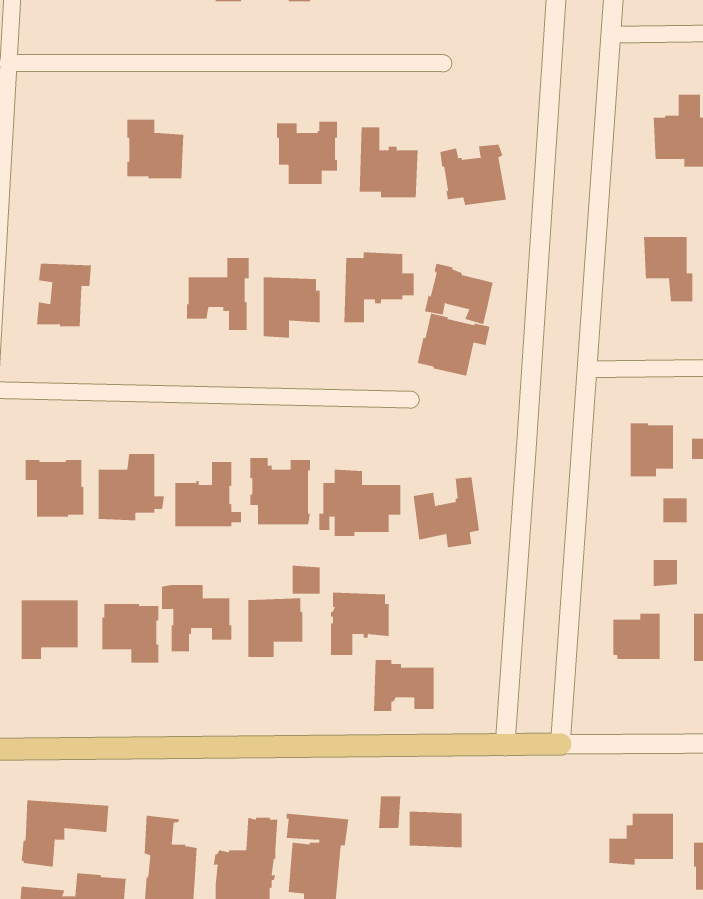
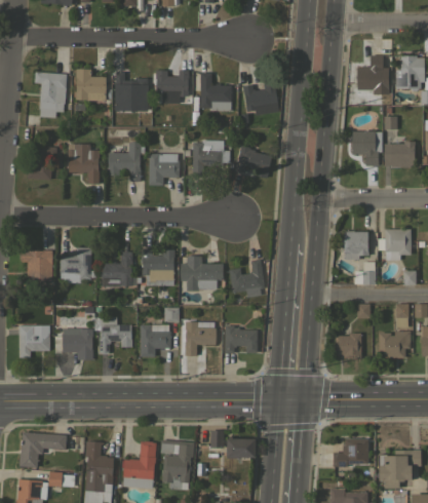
building: none -> [35,72,67,118]
building: none -> [116,72,148,110]
building: none -> [69,144,100,184]
building: [417,313,490,377] -> none
building: [373,660,435,711] -> [225,325,258,353]

